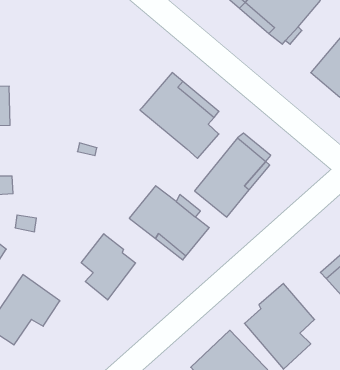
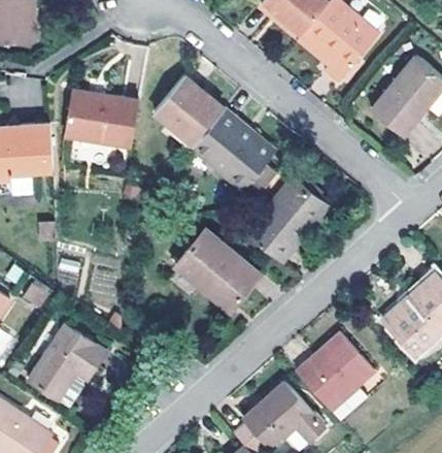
building: none -> [150,74,224,147]
building: none -> [65,91,138,145]
building: [81,234,136,300] -> none

